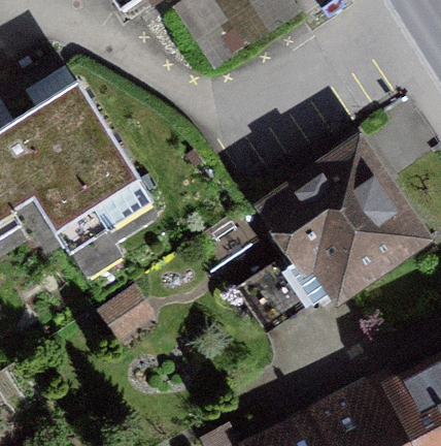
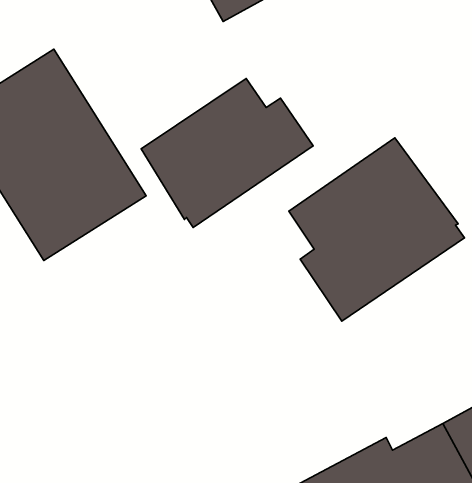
building: none -> [141,78,313,228]

